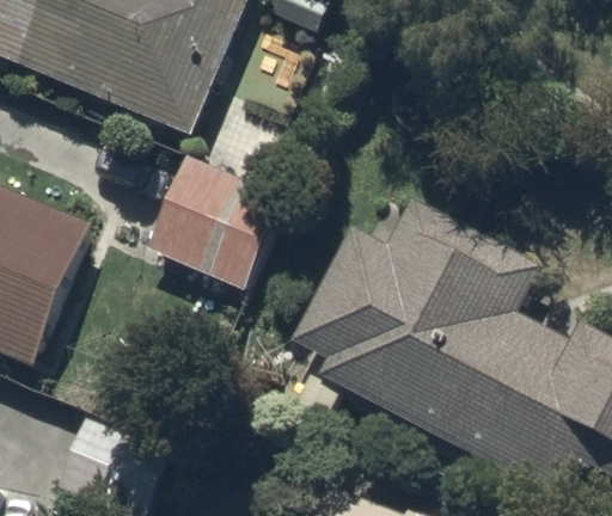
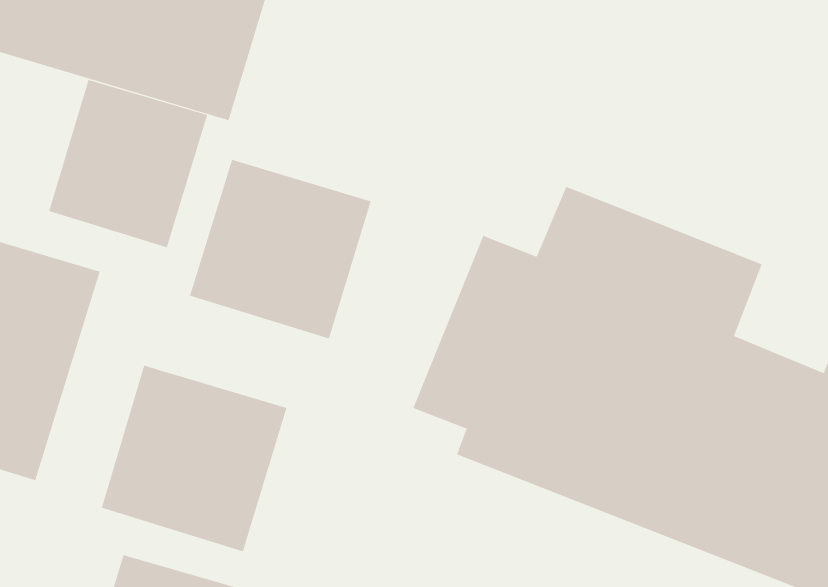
building: none -> [48,79,208,248]
building: none -> [101,365,287,552]

